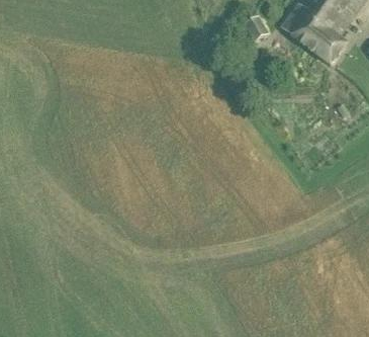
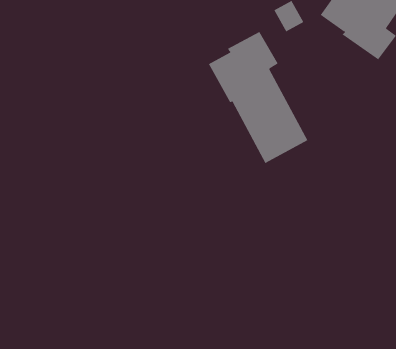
building: none -> [208,31,308,164]

